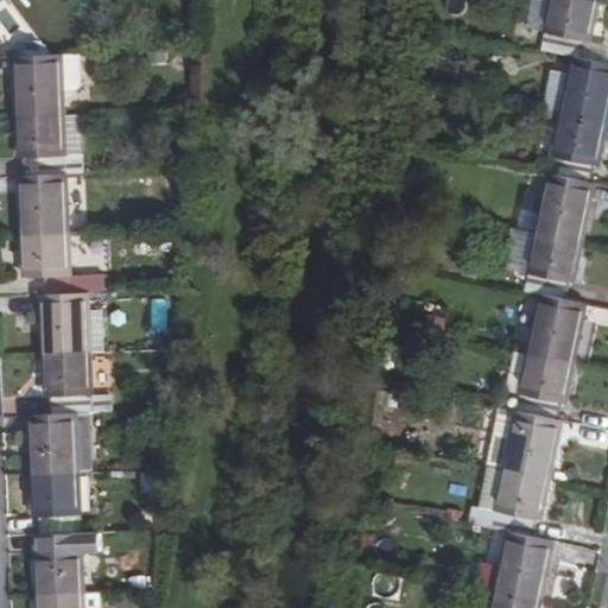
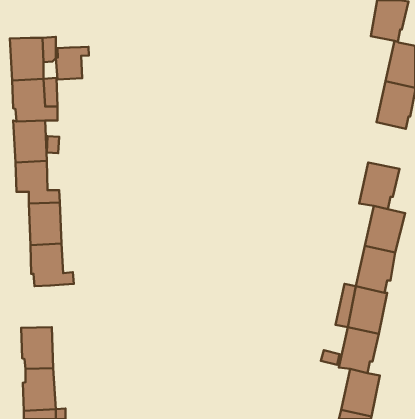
building: none -> [56,47,89,80]
building: [533,177,591,245] -> none
building: [28,413,75,475] -> none

